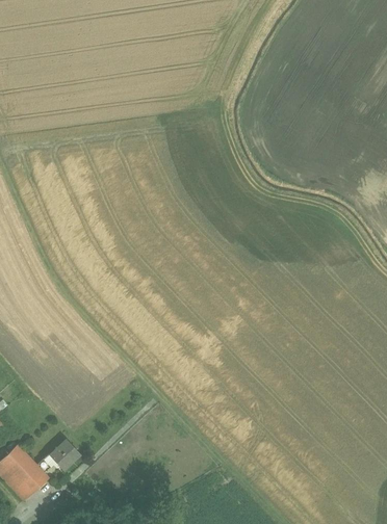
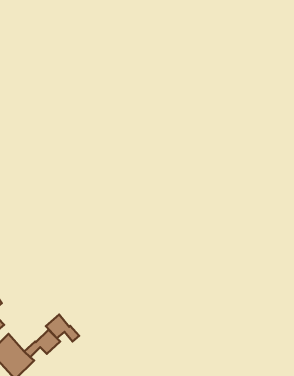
building: none -> [46,315,79,341]

